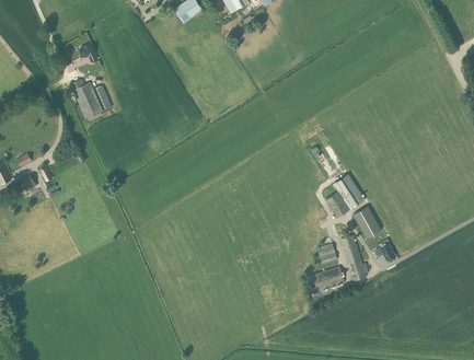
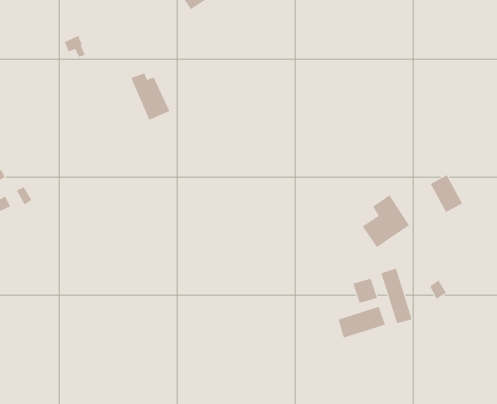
building: [70,79,103,118] -> [130,73,170,121]
building: [354,206,381,237] -> [430,174,463,213]

